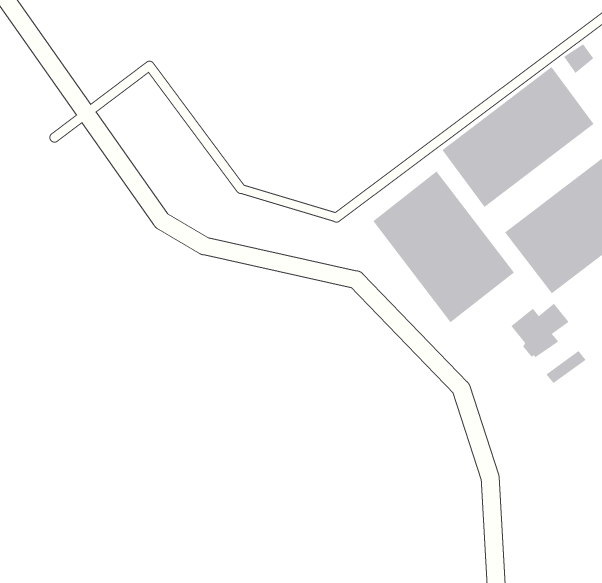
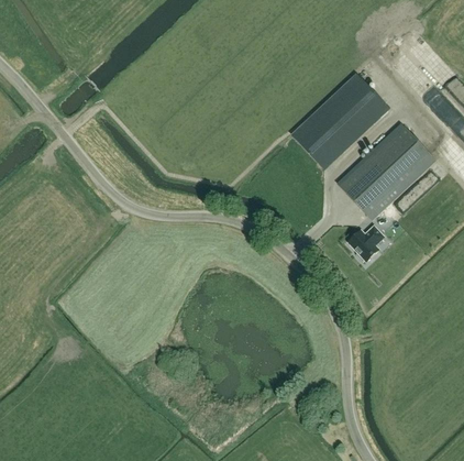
building: [372,170,515,323] -> none

